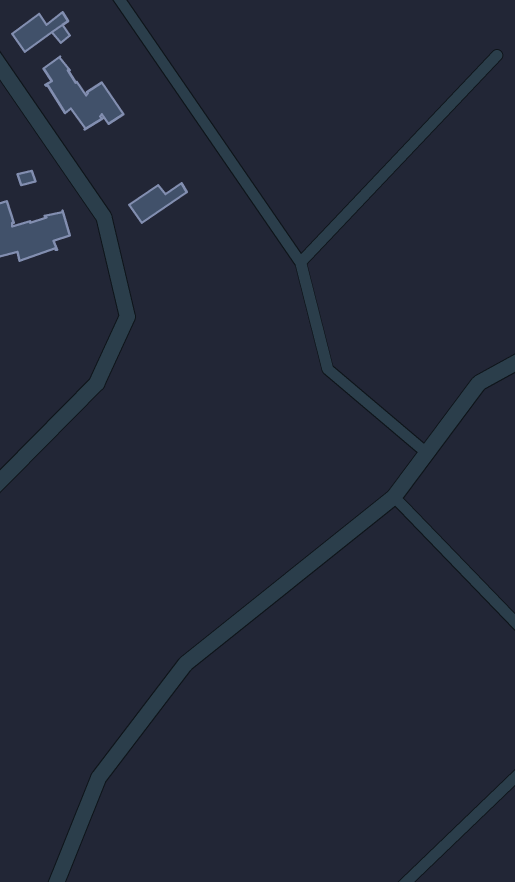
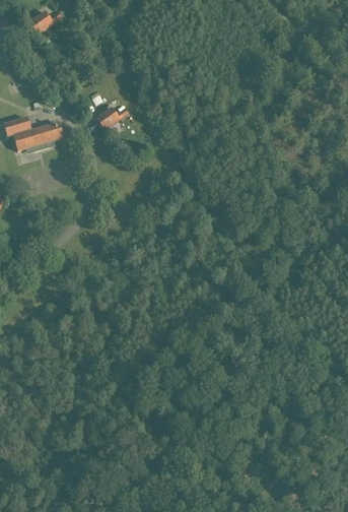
building: [44,56,124,129] -> none

